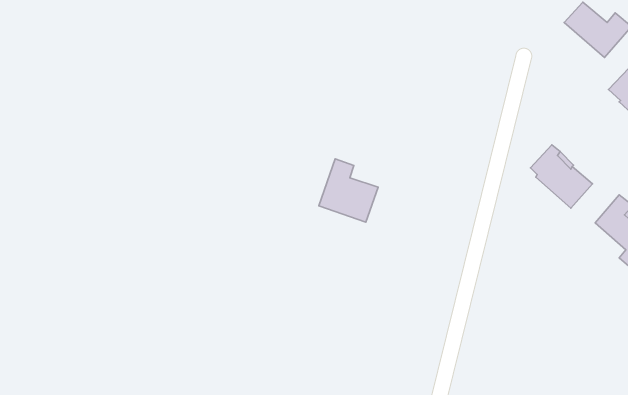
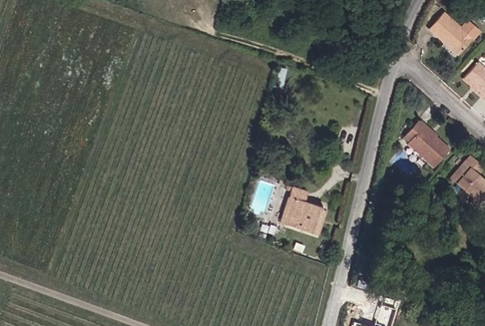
building: [319,159,378,222] -> [281,187,325,234]

